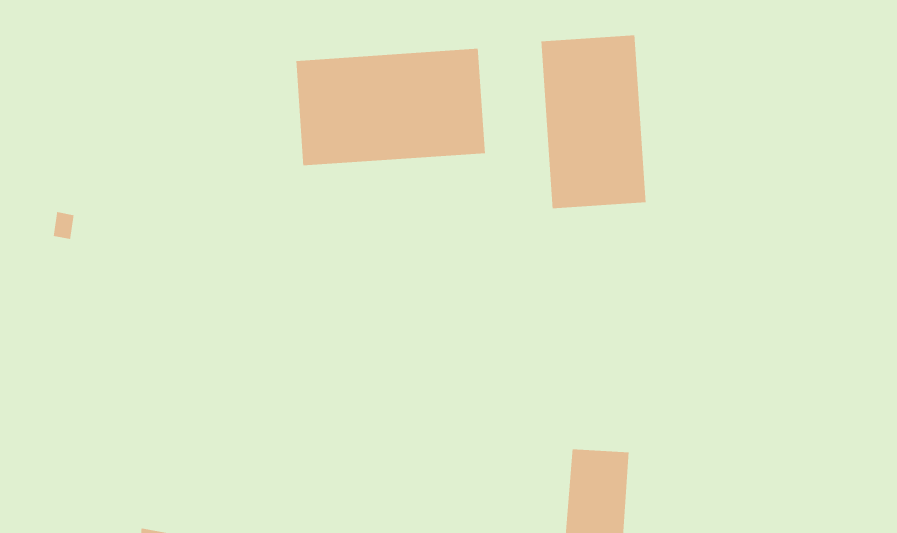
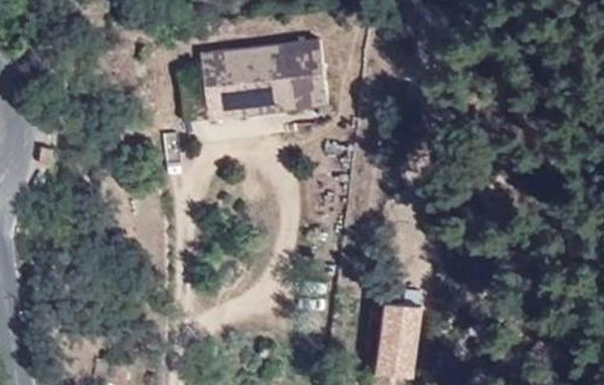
building: [540,34,647,209] -> none

